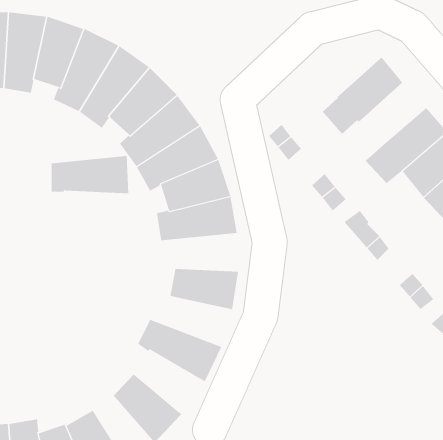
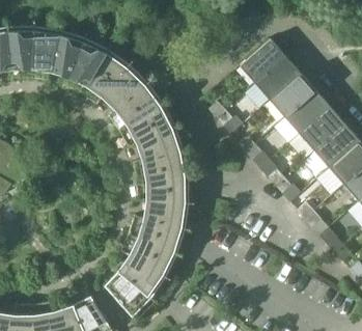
building: none -> [239,38,285,84]
building: none -> [270,74,315,117]
building: [51,155,129,194] -> [136,175,189,201]
building: none -> [129,215,185,252]
building: none -> [116,254,166,298]

